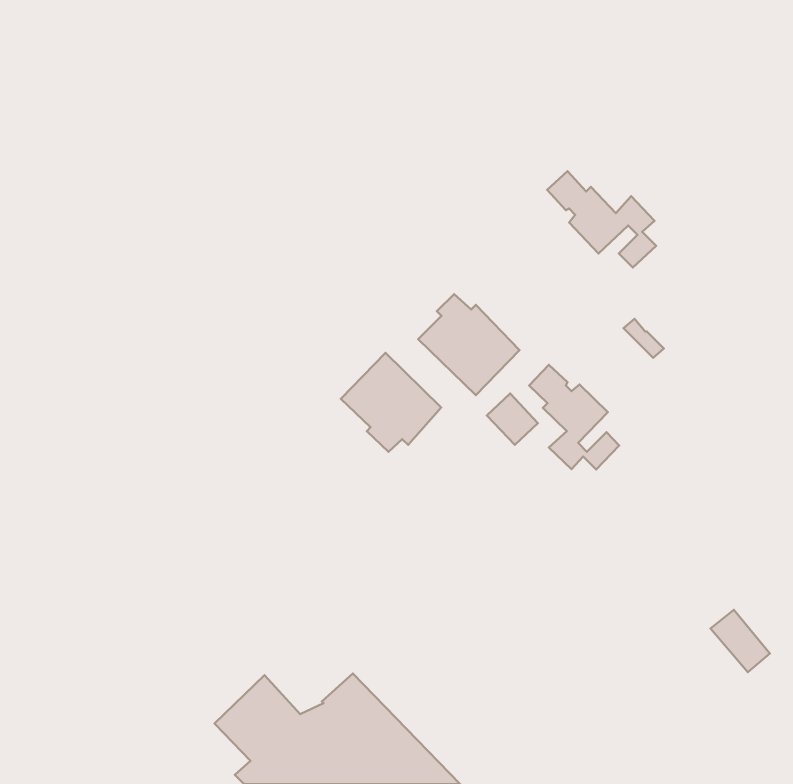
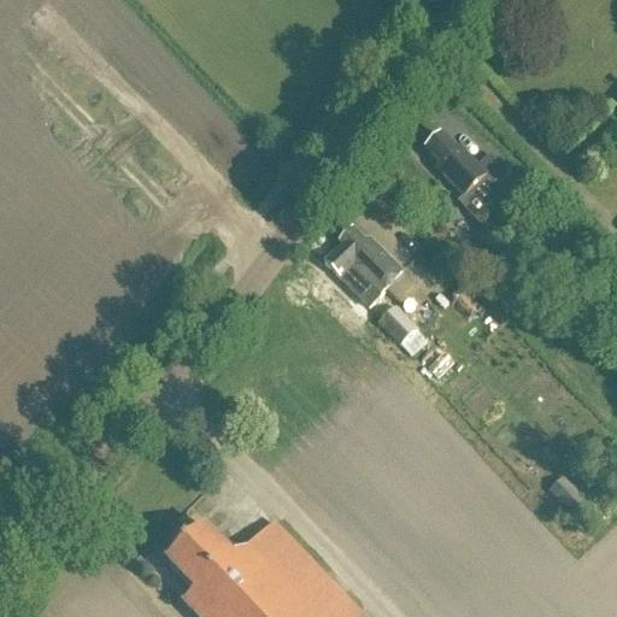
building: [341,353,441,452] -> none
building: [529,365,619,470] -> none

